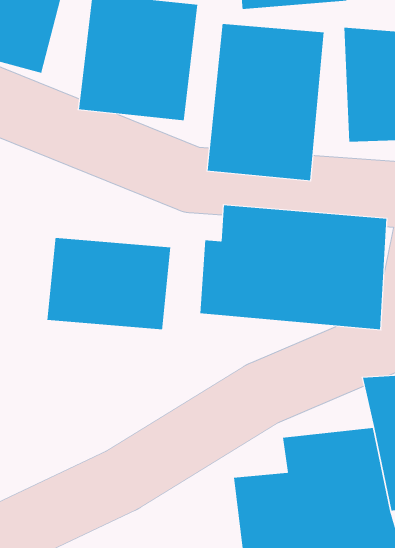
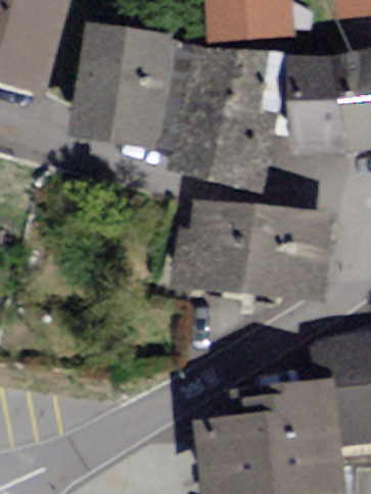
building: [47,237,171,330] -> none

